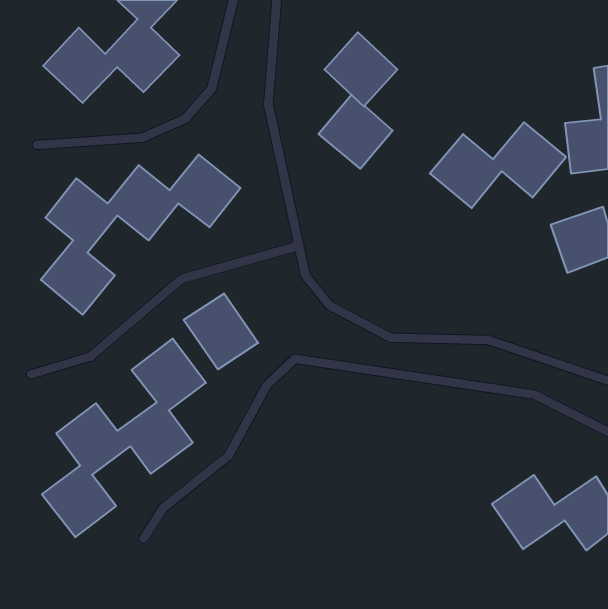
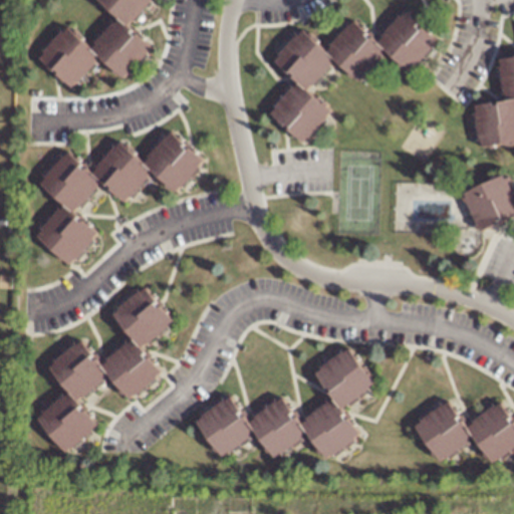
building: [430,122,566,208] -> [323,10,438,82]
building: [184,293,258,369] -> none
building: none -> [195,347,374,459]

